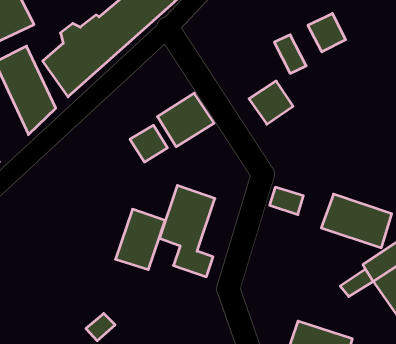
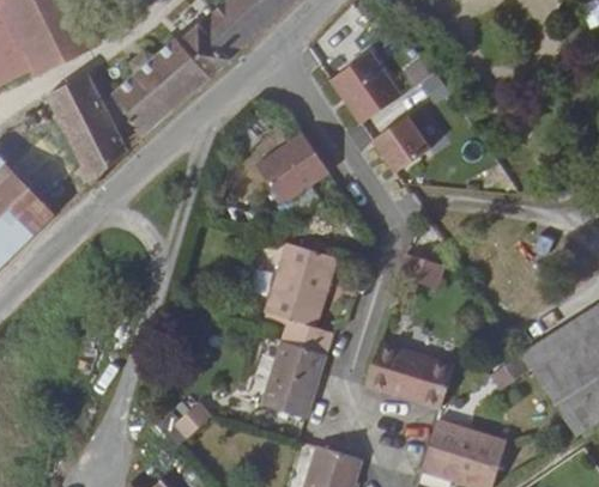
building: [308,13,346,52] -> none
building: none -> [332,51,401,122]
building: [130,125,167,162] -> none
building: [321,194,392,248] -> [363,341,453,409]
building: [115,209,165,270] -> [256,349,320,426]

